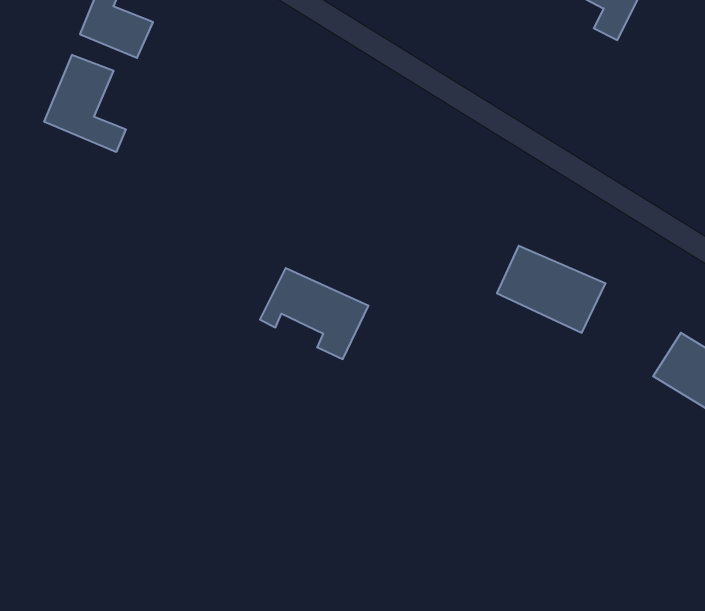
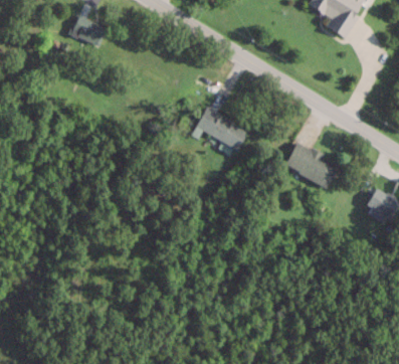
building: [44,55,126,152] -> none
building: [260,268,369,359] -> [192,109,247,155]

